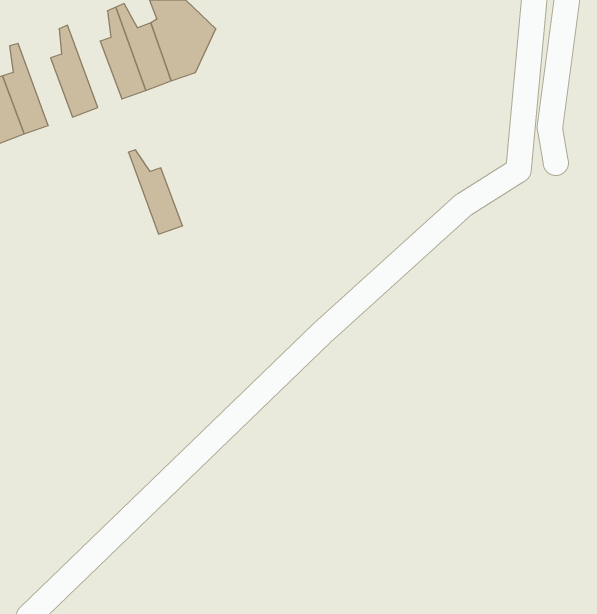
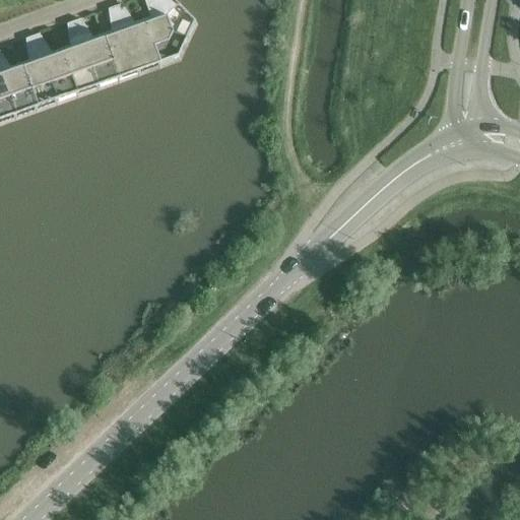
building: none -> [15,36,61,108]
building: [128,150,183,234] -> [57,21,103,92]

